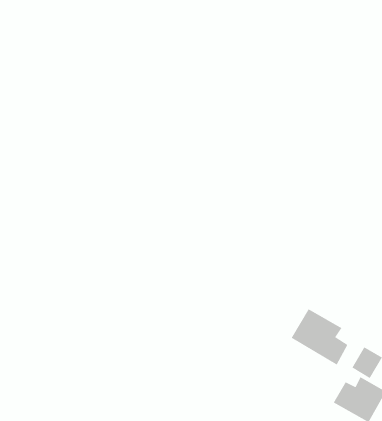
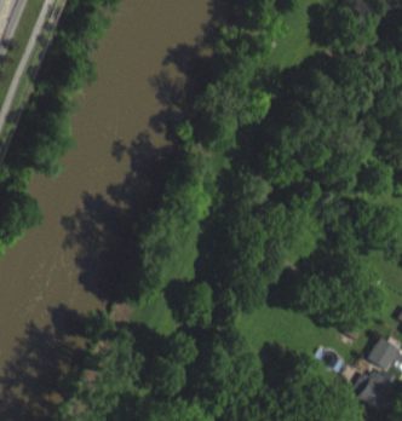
building: [291,308,348,365] -> none

